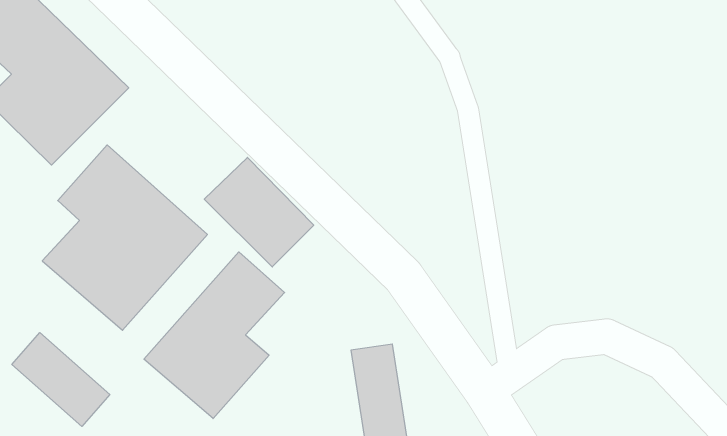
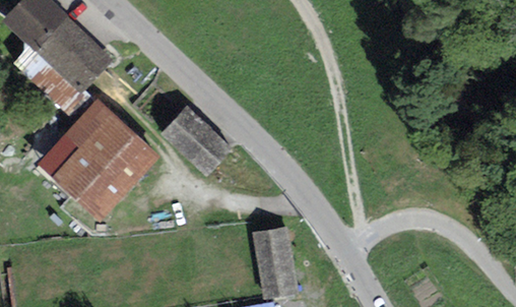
building: [144,252,285,419] -> none
building: [12,333,110,426] -> none

